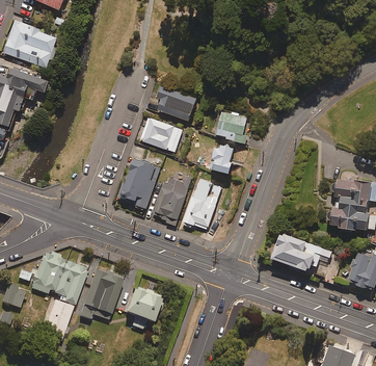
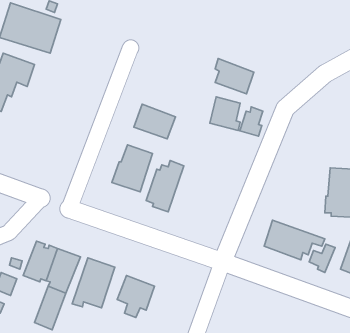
building: [158,84,196,120] -> [215,58,254,94]
building: [211,142,234,172] -> [240,107,263,136]
building: [183,179,221,228] -> none

